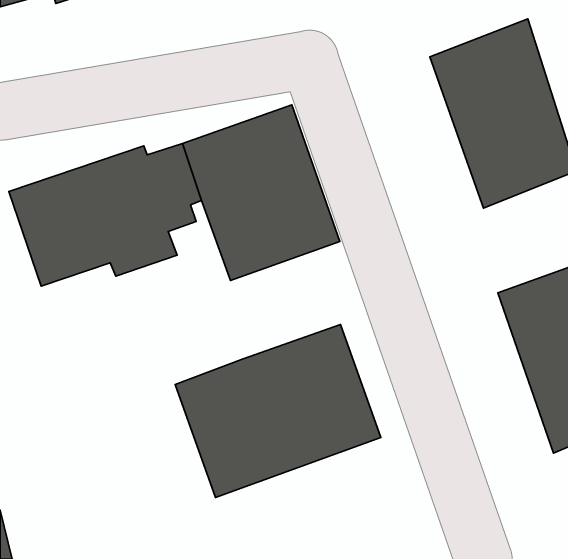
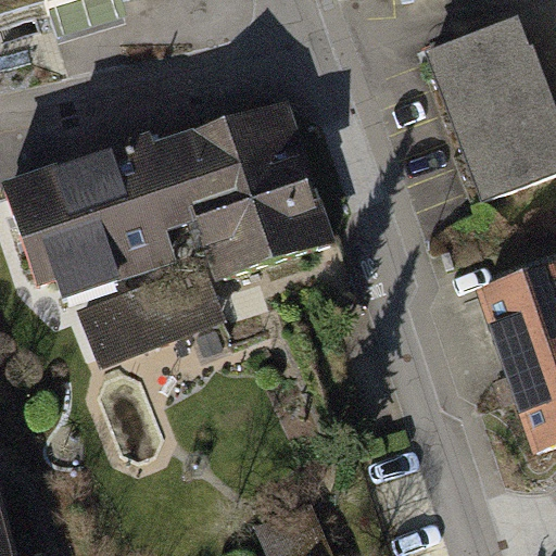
building: none -> [90,265,222,346]
building: [175,325,381,498] -> none

